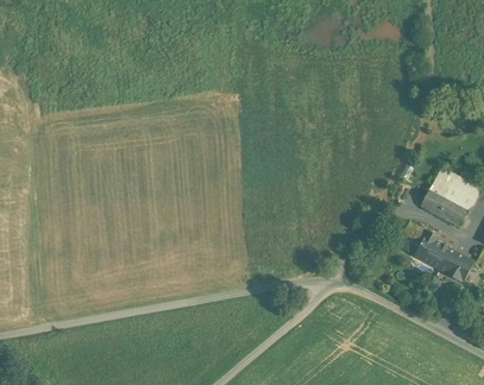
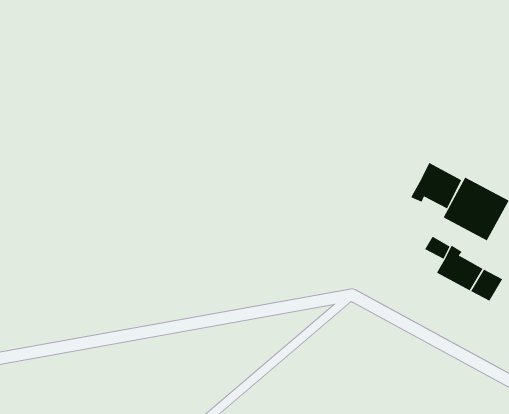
building: none -> [411,162,462,209]

